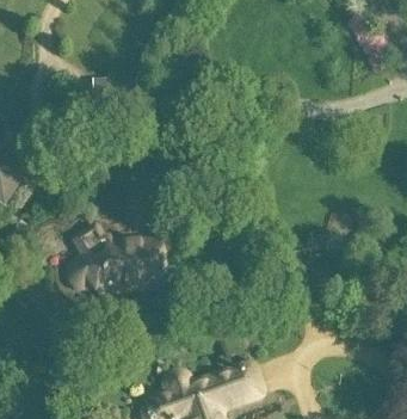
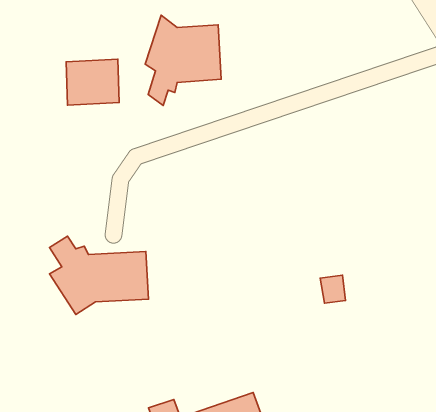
building: none -> [145,15,221,105]

